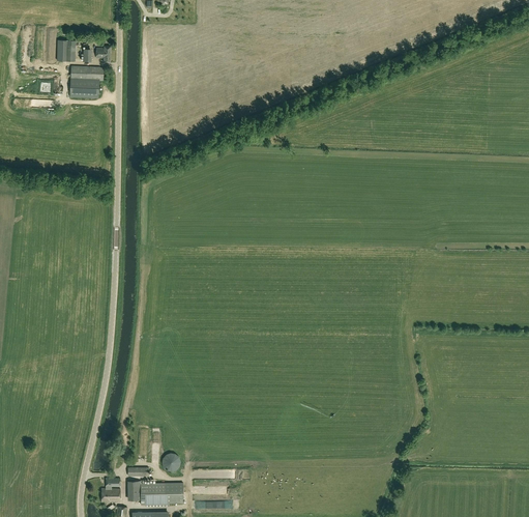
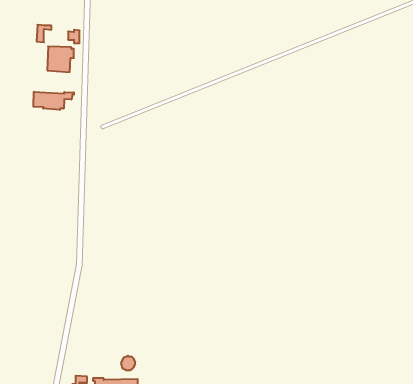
building: none -> [33,92,74,110]

